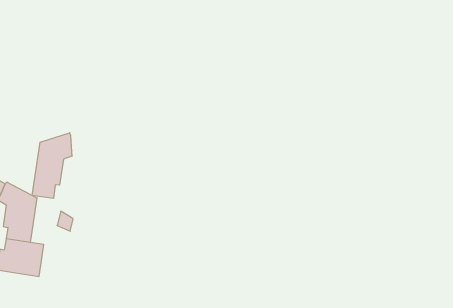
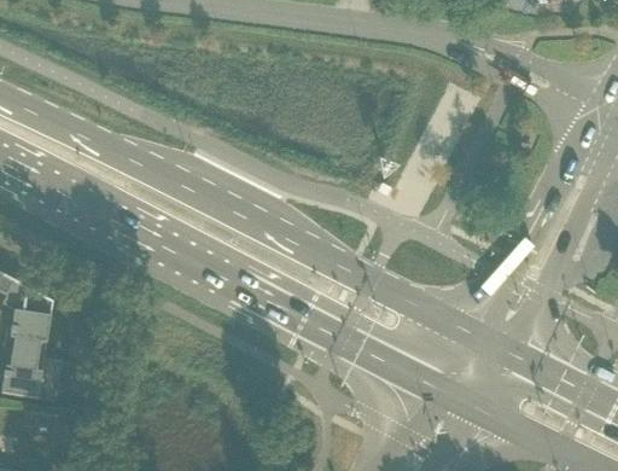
building: [32,133,72,198] -> none

